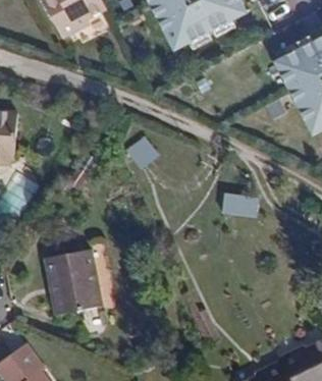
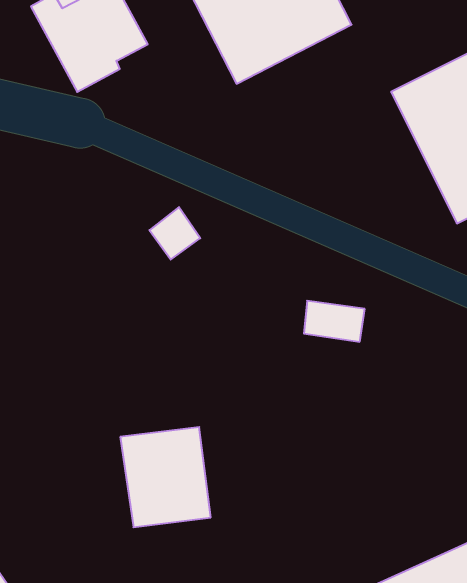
building: [44,252,100,314] -> [120,427,211,527]

